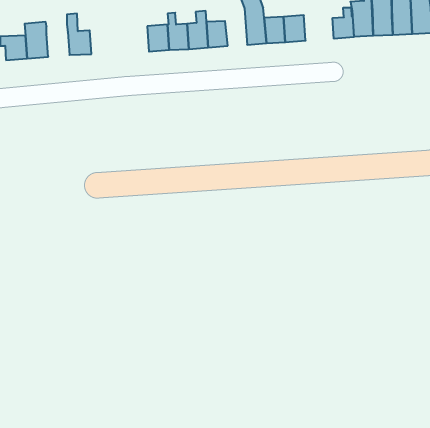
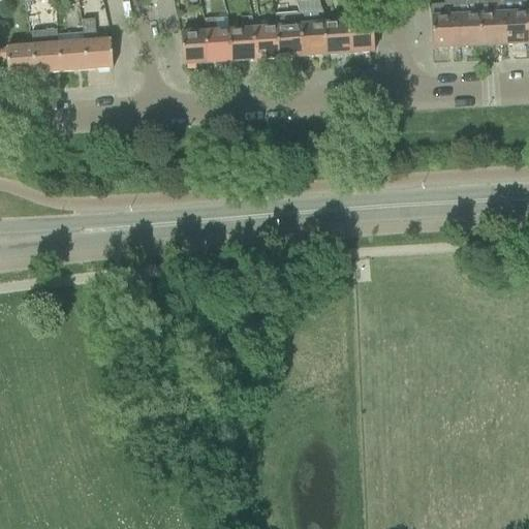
building: [333,7,354,39] -> none
building: none -> [278,10,305,56]
building: none -> [60,30,88,69]

